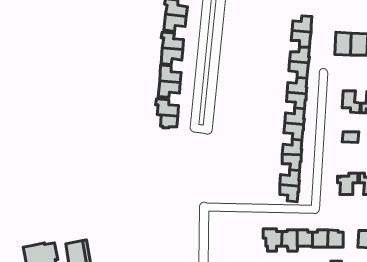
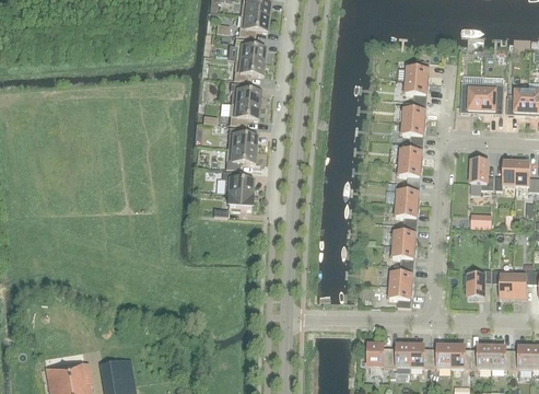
building: none -> [471,345,492,367]

